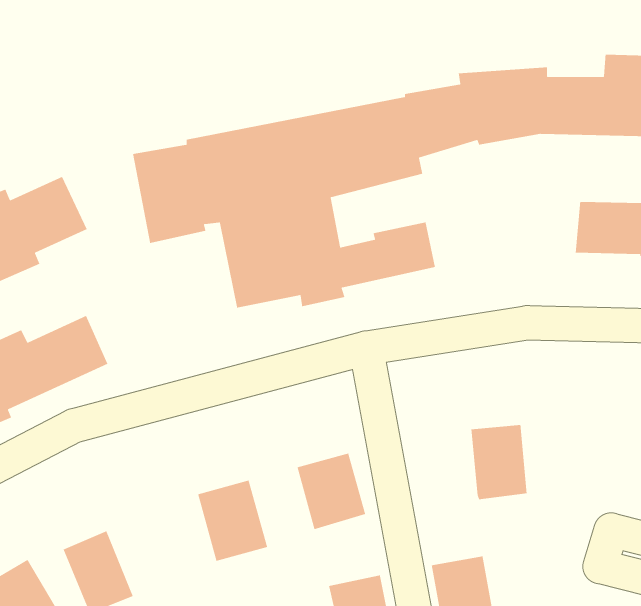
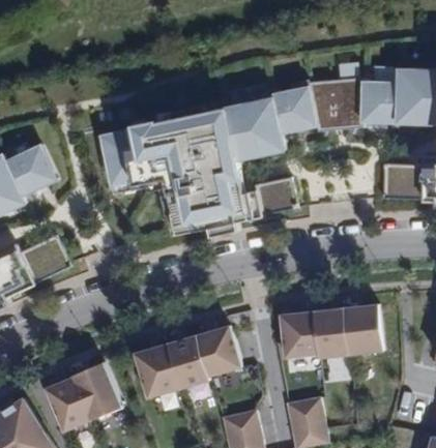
building: none -> [347,304,387,354]
building: none -> [278,311,318,358]
building: none -> [169,336,211,389]
building: none -> [76,365,124,421]

